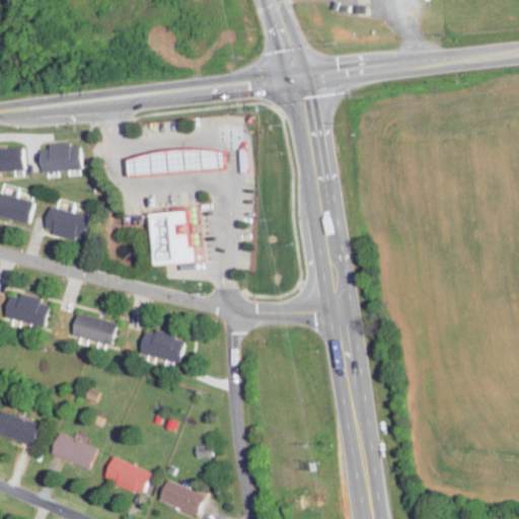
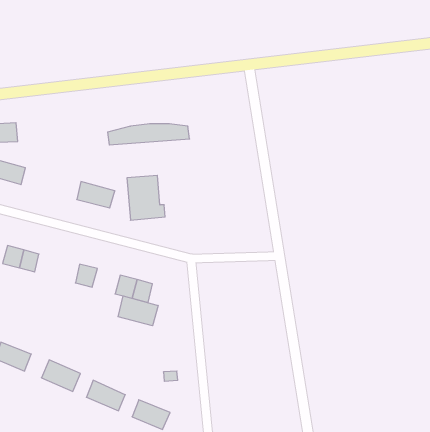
building: [38,146,80,172] -> none
building: [43,206,88,237] -> [77,182,115,208]
building: [71,312,95,340] -> none
building: none -> [118,296,158,326]

